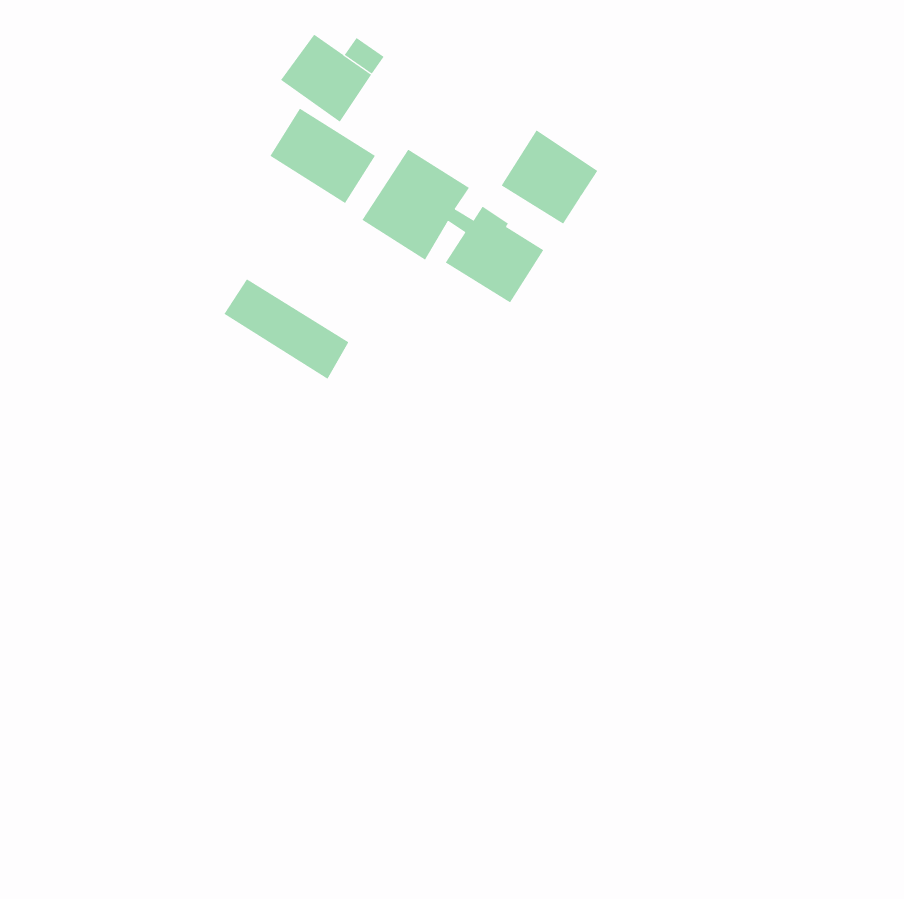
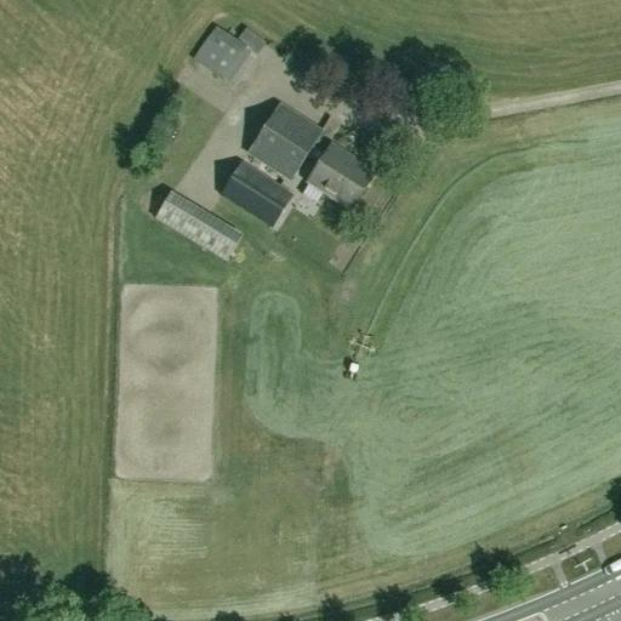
building: [269,108,376,204] -> [221,159,294,224]
building: [501,129,598,225] -> none

